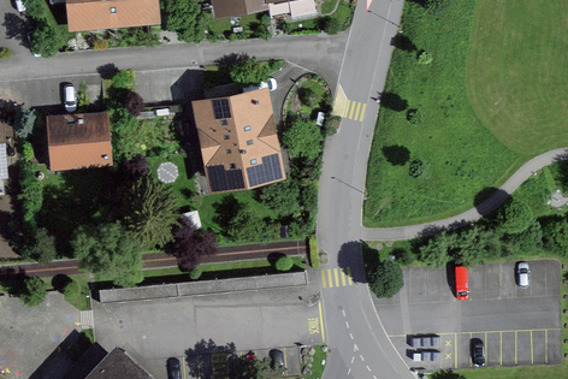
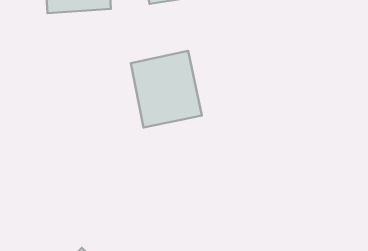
building: [46,113,113,172] -> none

